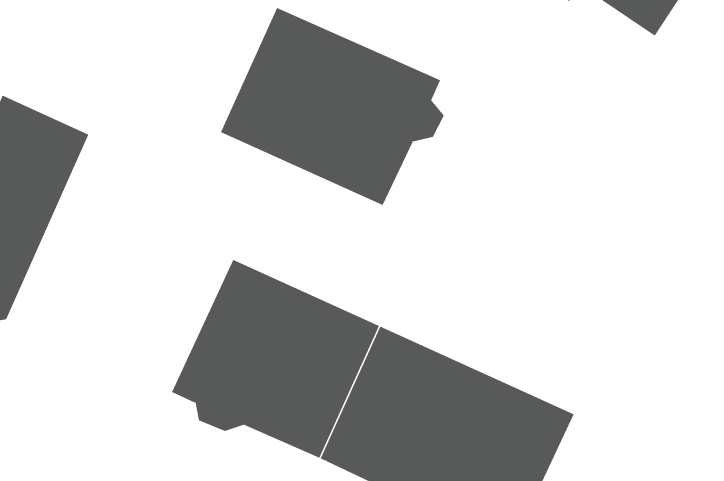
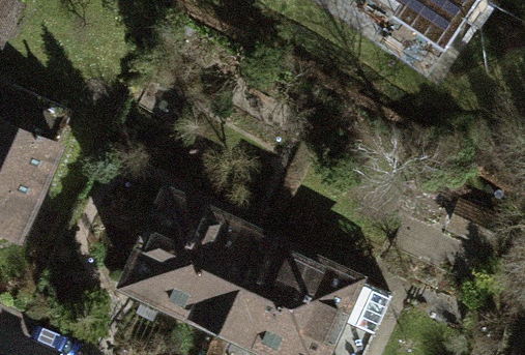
building: [220,7,445,206] -> none

